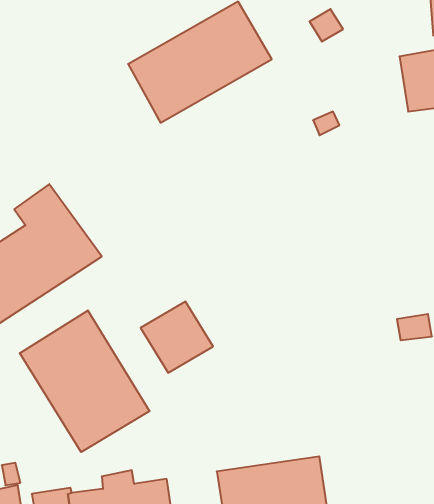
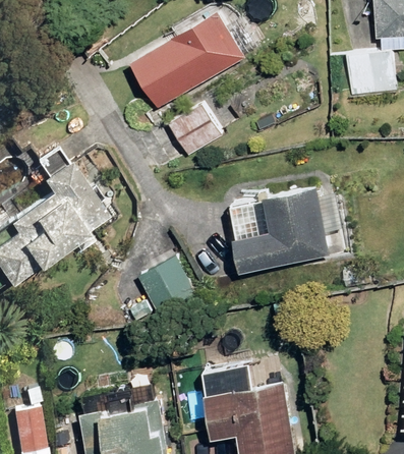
building: none -> [170,104,222,156]
building: none -> [230,187,328,272]
building: [20,310,150,452] -> none

